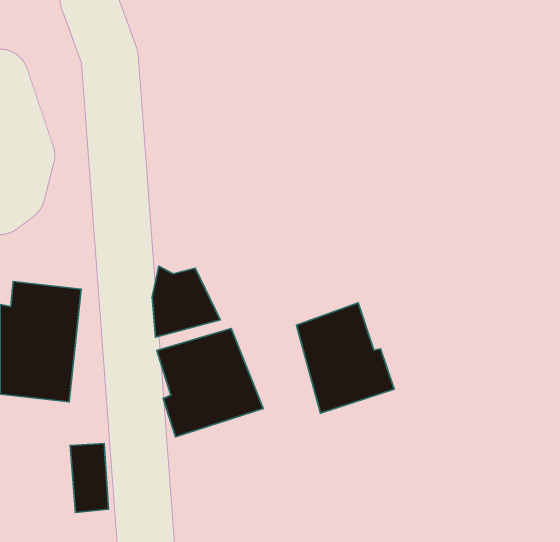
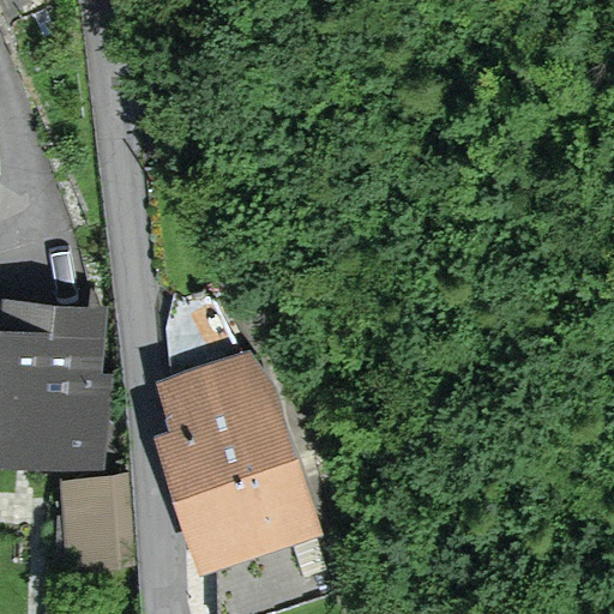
building: [297,303,394,413] -> none
building: none -> [192,466,311,568]

